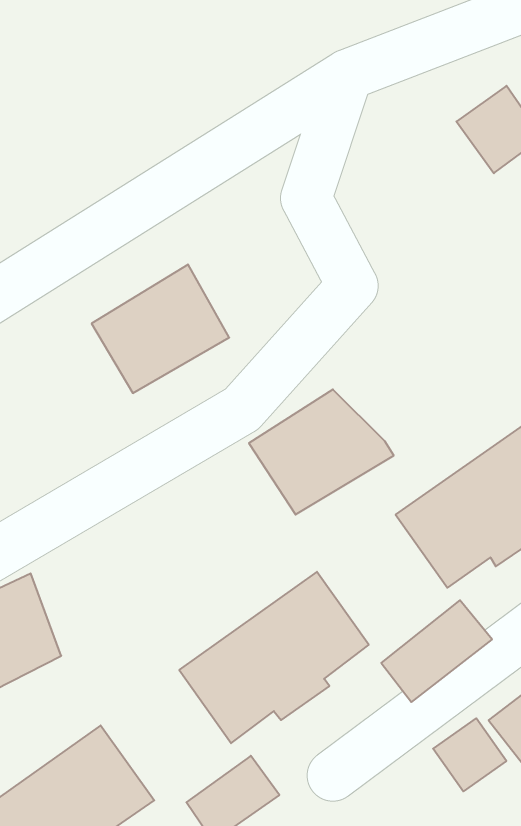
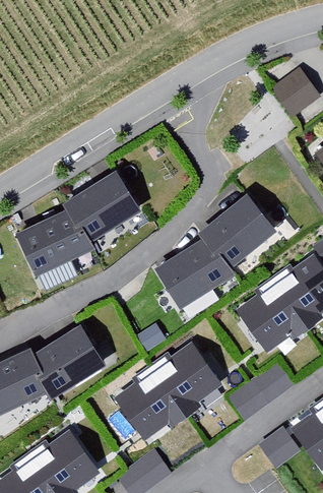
building: none -> [197,194,276,268]
building: none -> [18,209,93,273]
building: none -> [29,316,109,396]

